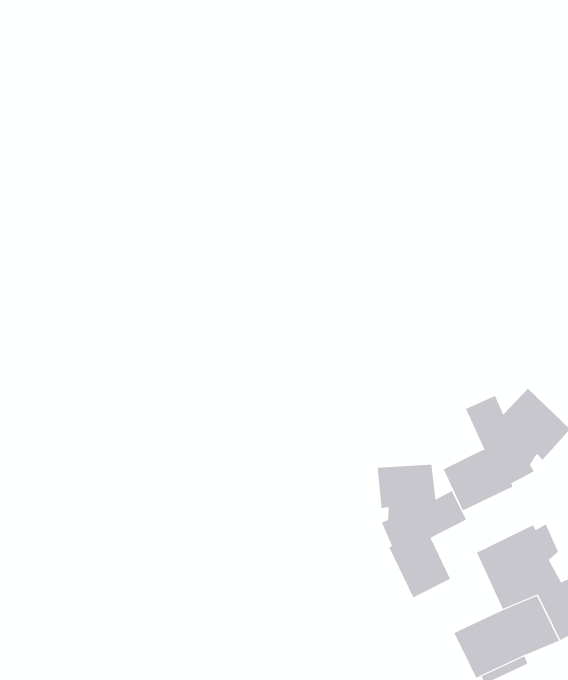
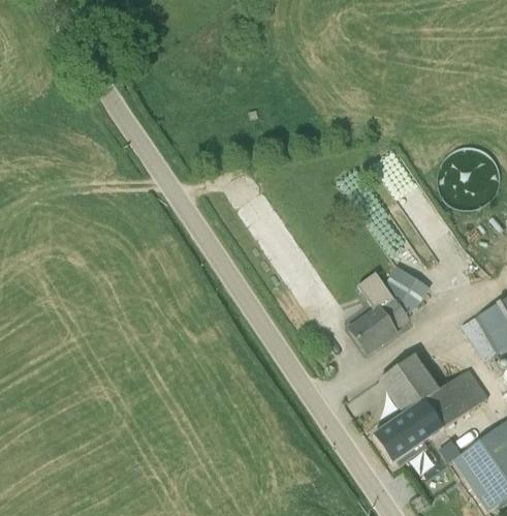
building: [377,464,467,598] -> none

